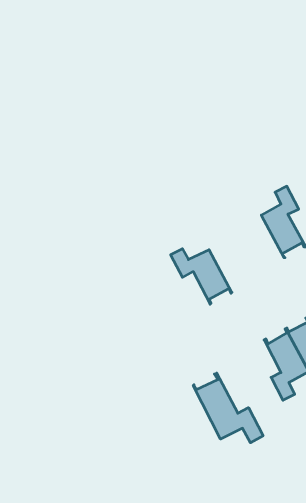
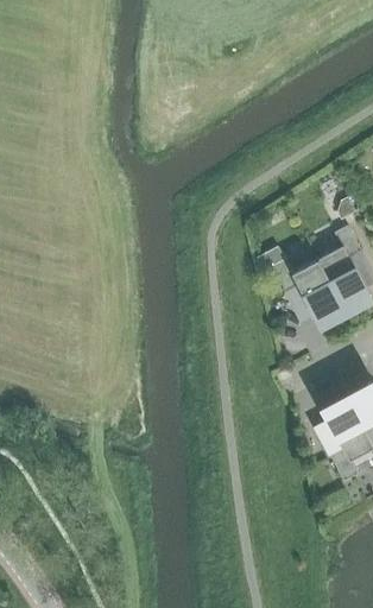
building: [171,249,232,304] -> [271,258,344,324]
building: [193,373,263,443] -> none

